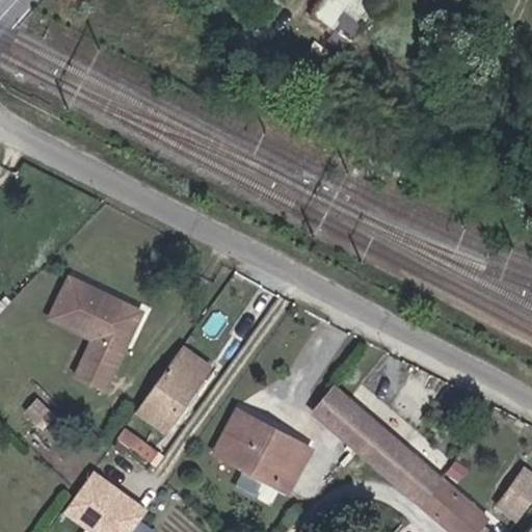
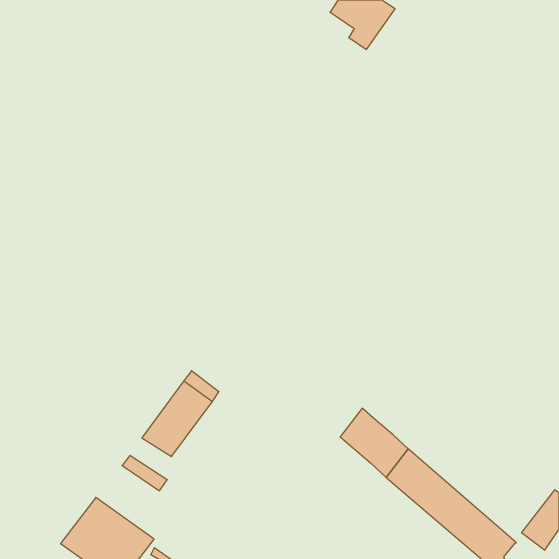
building: [53,278,142,387] -> none
building: [215,411,308,497] -> none

